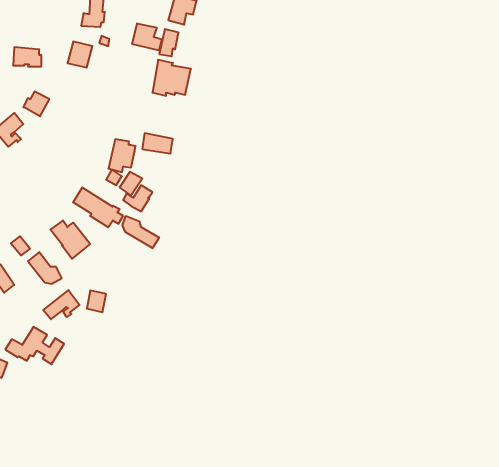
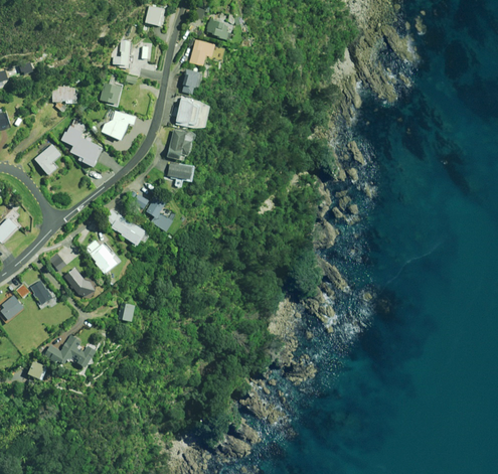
building: [132,23,162,50] -> none
building: none -> [102,110,136,140]
building: none -> [69,140,99,166]
building: [108,139,136,172] -> [167,130,191,159]
building: [123,216,159,248] -> none
building: [43,290,80,319] -> none

